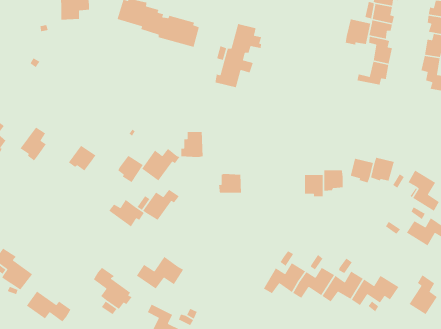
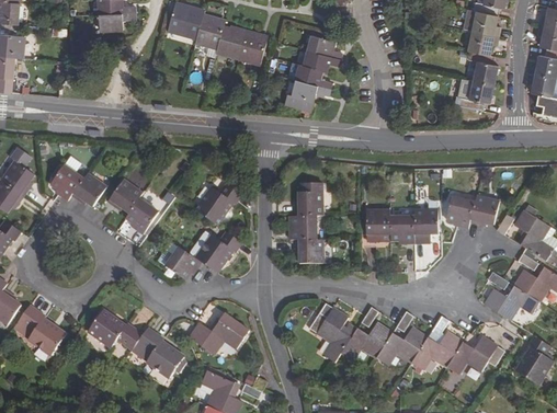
building: [345,18,371,45] -> none
building: [181,131,203,158] -> [294,184,321,216]
building: none -> [71,173,105,206]
building: [117,155,144,183] -> [125,198,157,232]
building: none -> [365,210,390,237]
building: none -> [294,239,321,263]
building: none -> [484,286,538,321]
building: none -> [309,302,355,362]
building: [26,290,72,322] -> [88,310,143,348]

